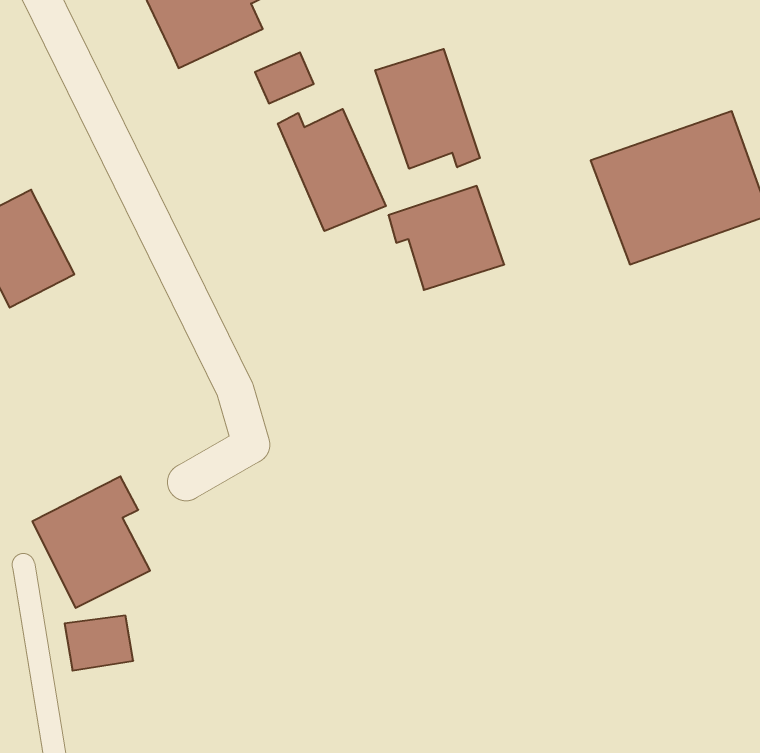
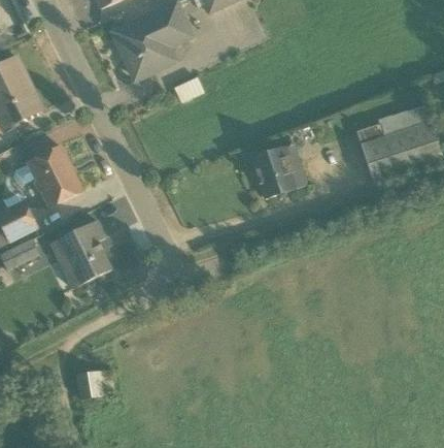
building: [375,49,480,169] -> none
building: [278,109,386,231] -> none
building: [32,476,150,608] -> [49,218,111,287]

